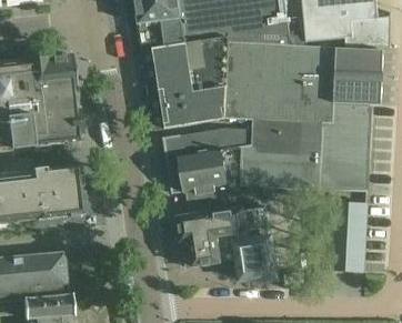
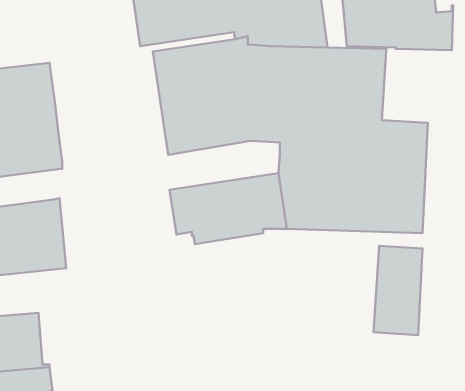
building: [334,44,384,102] -> none
building: [162,125,253,155] -> none
building: [178,204,278,277] -> none

